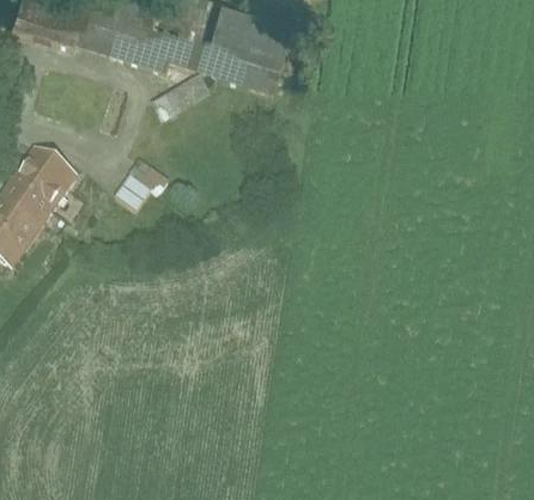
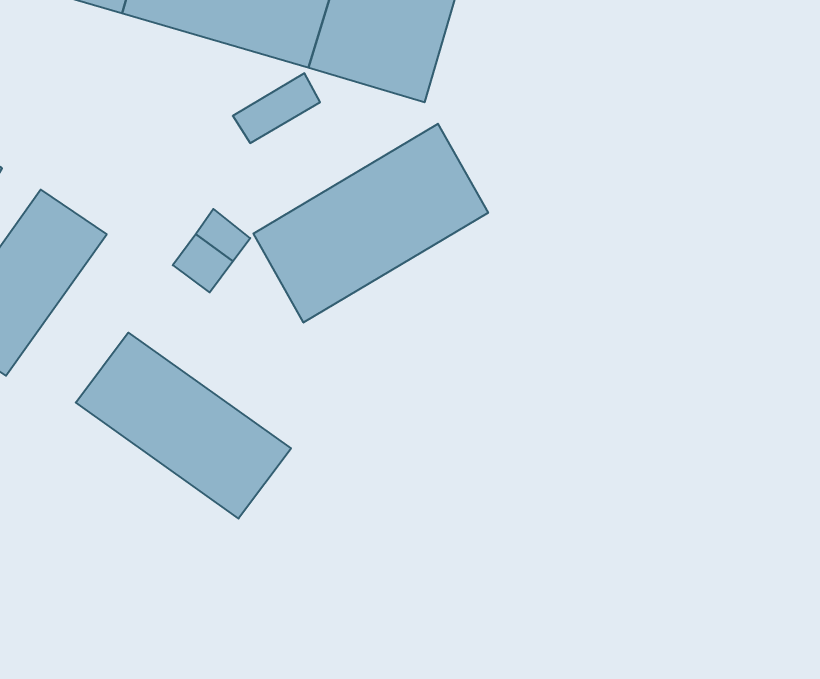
building: none -> [253,124,488,323]
building: none -> [76,333,291,519]

